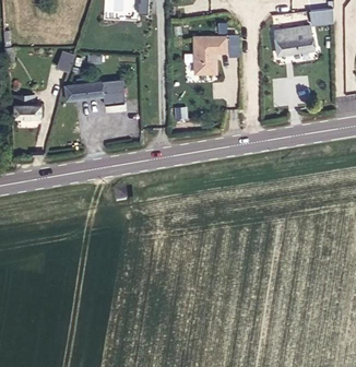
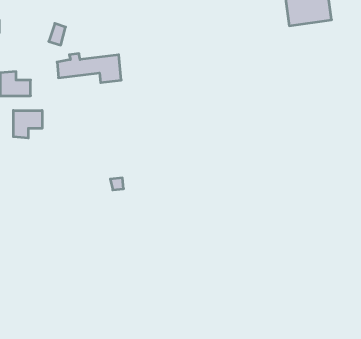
building: [193,36,226,75] -> none
building: none -> [13,110,42,138]

